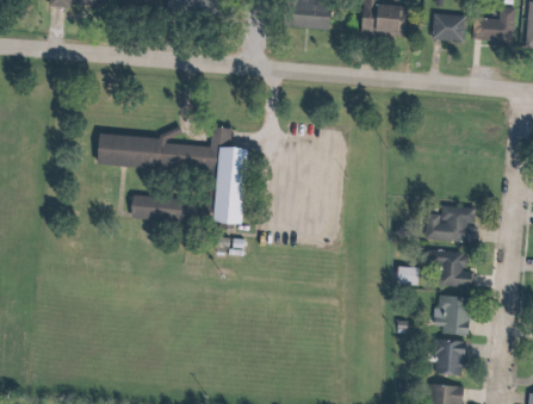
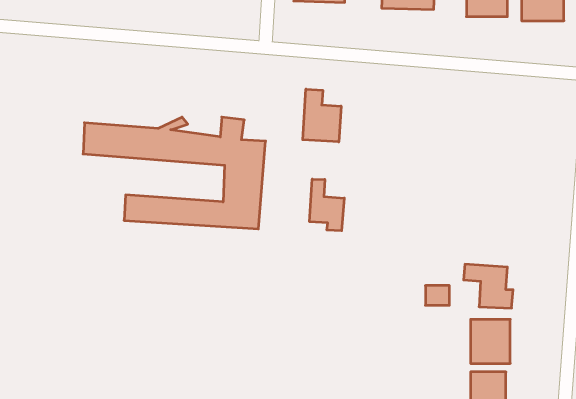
building: none -> [303,89,341,142]
building: none -> [310,179,344,231]
building: [428,207,476,242] -> none

